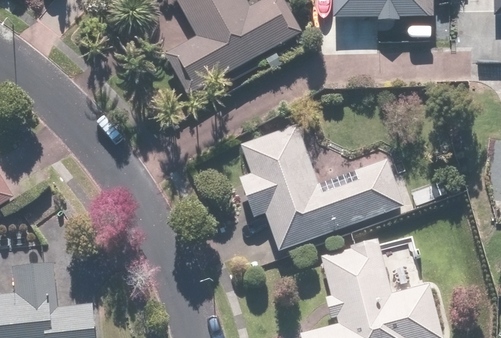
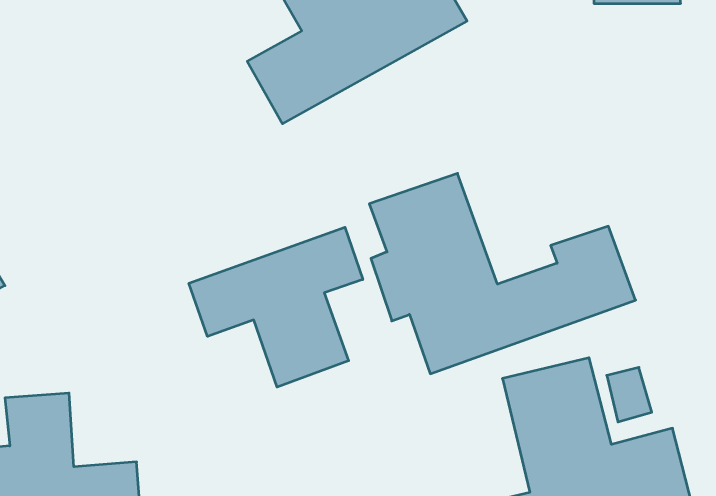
building: none -> [189,227,363,387]

